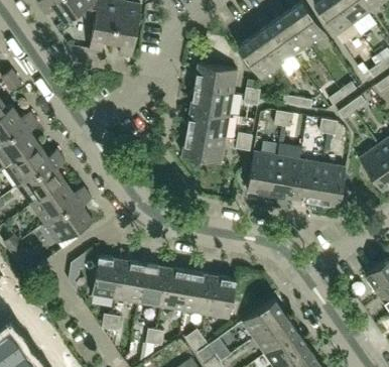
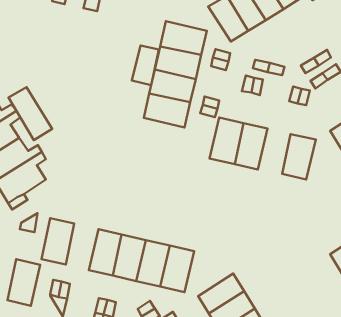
building: none -> [132,45,159,85]
building: none -> [8,87,52,140]
building: [292,159,321,202] -> none
building: [115,259,144,302] -> [8,259,40,306]

